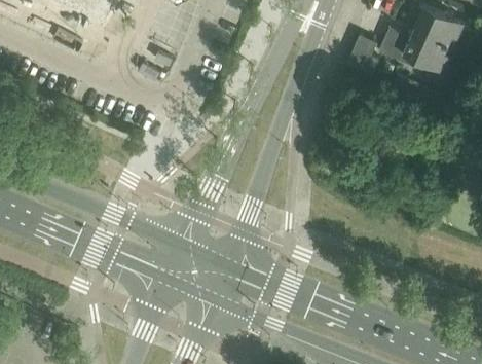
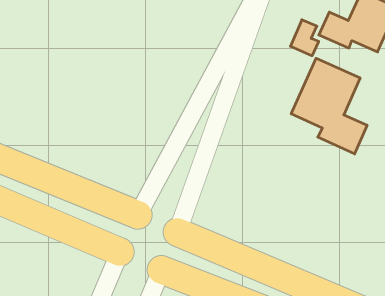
building: none -> [291,58,367,154]

